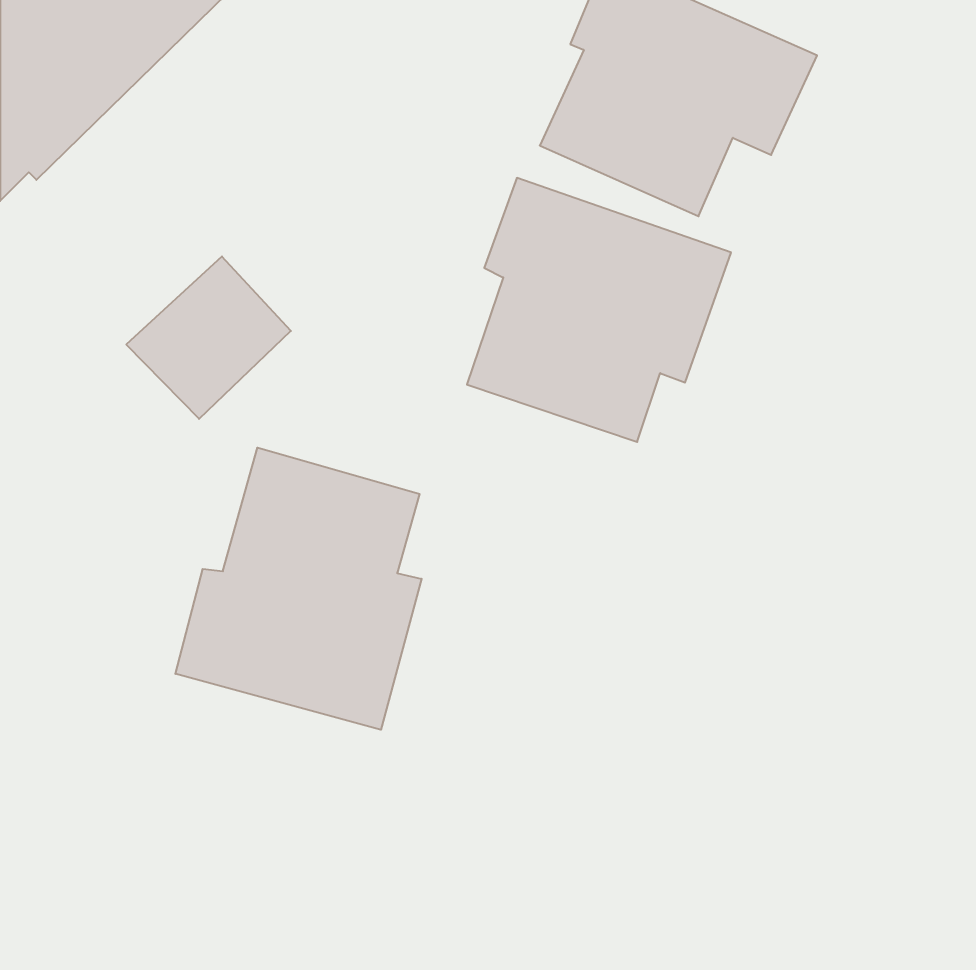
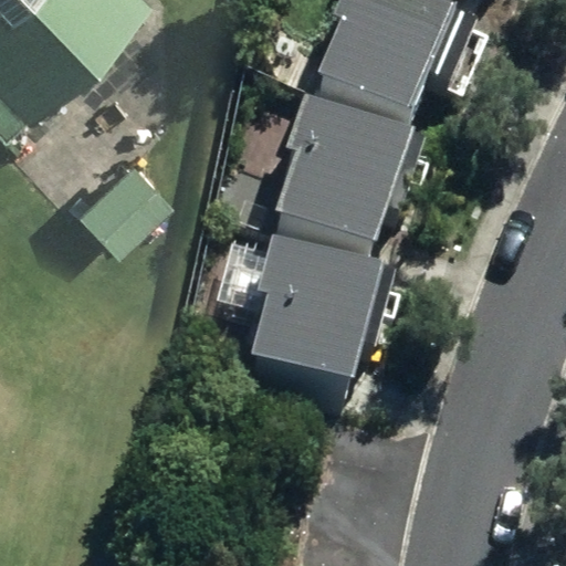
building: none -> [248,245,394,395]
building: [175,448,422,730] -> none

